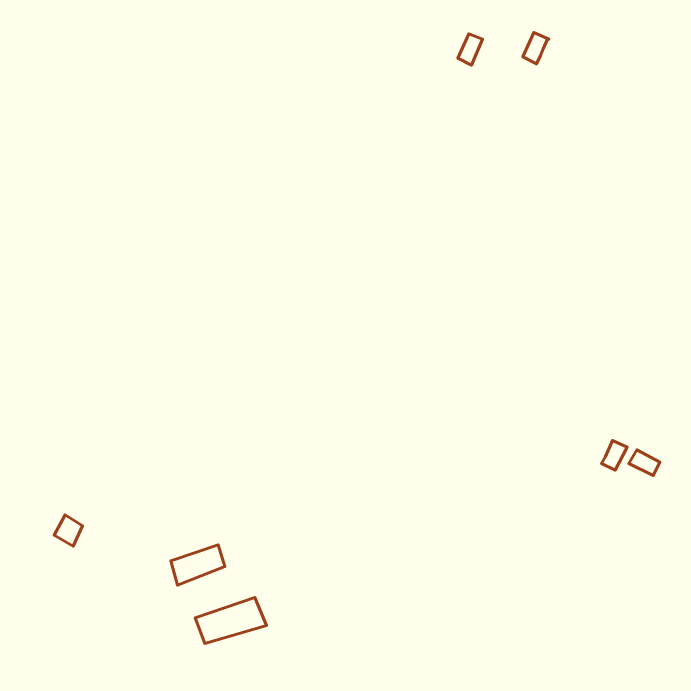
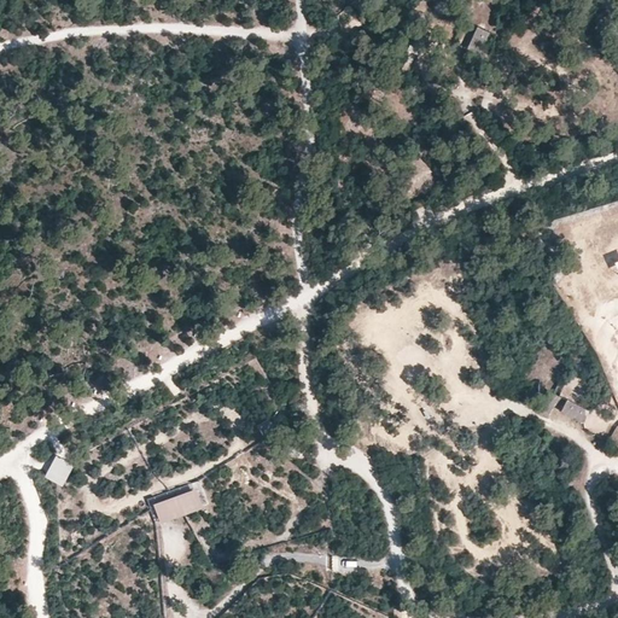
building: [195,597,267,643] -> none

